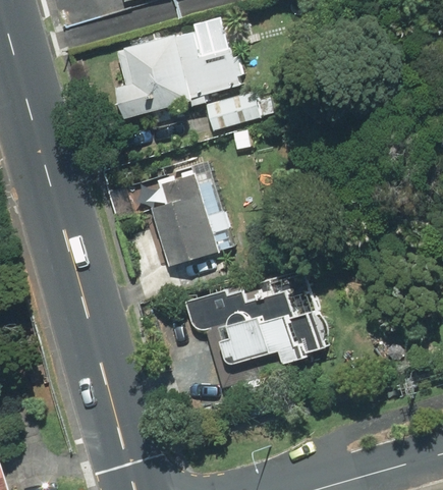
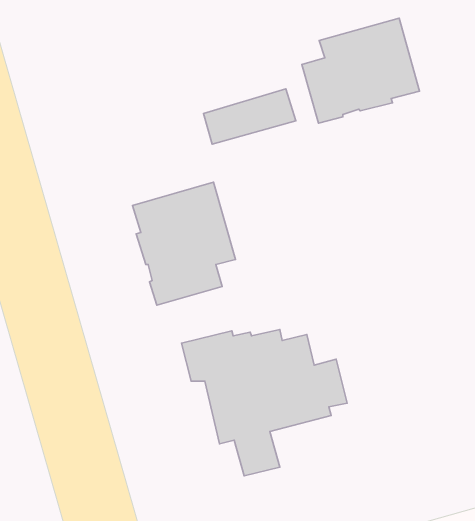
building: [112,16,242,117] -> none
building: none -> [302,18,420,123]

